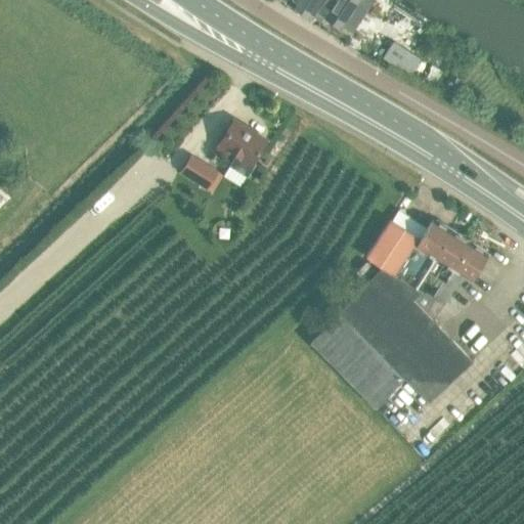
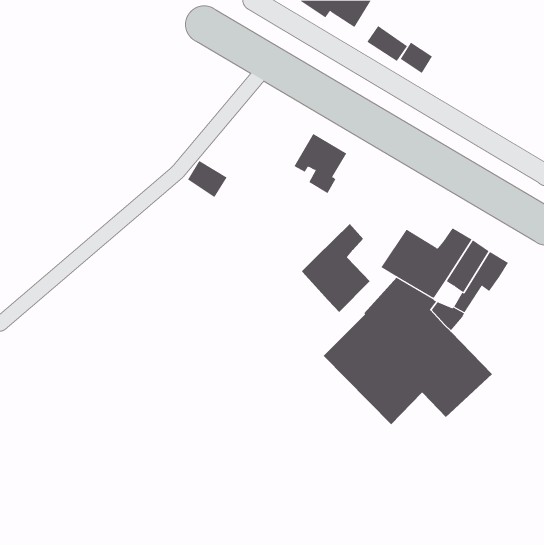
building: none -> [367,25,408,62]
building: [216,120,267,178] -> [294,133,347,194]
building: none -> [301,223,370,313]

